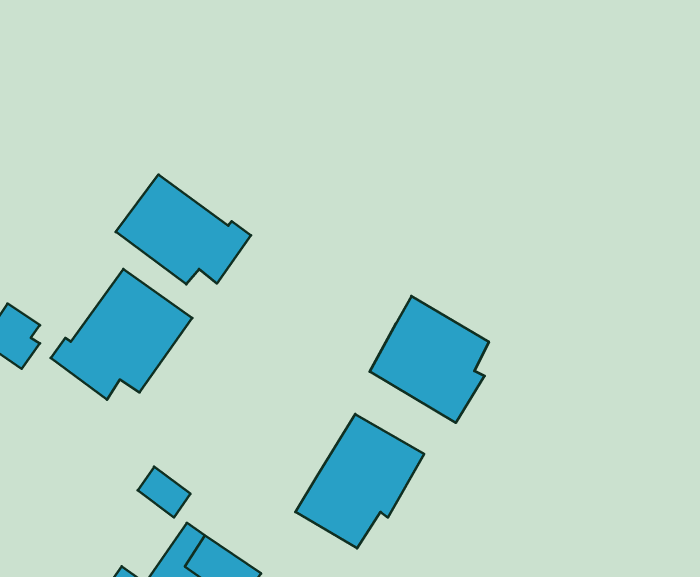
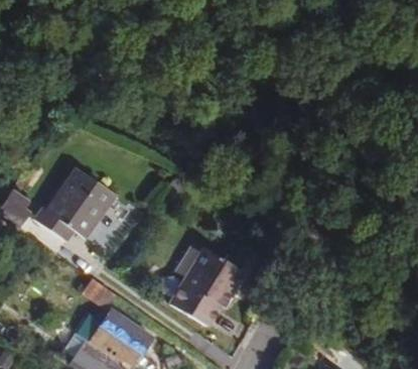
building: [116,175,251,284] -> none
building: [370,296,489,423] -> none

